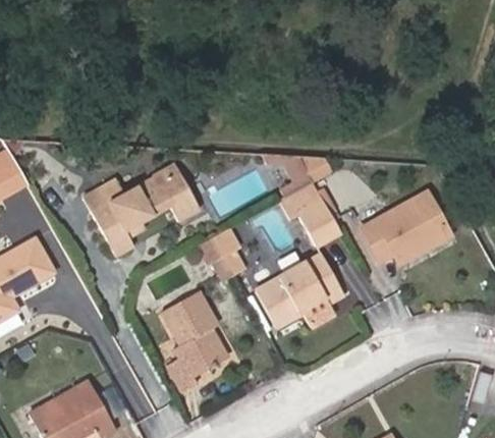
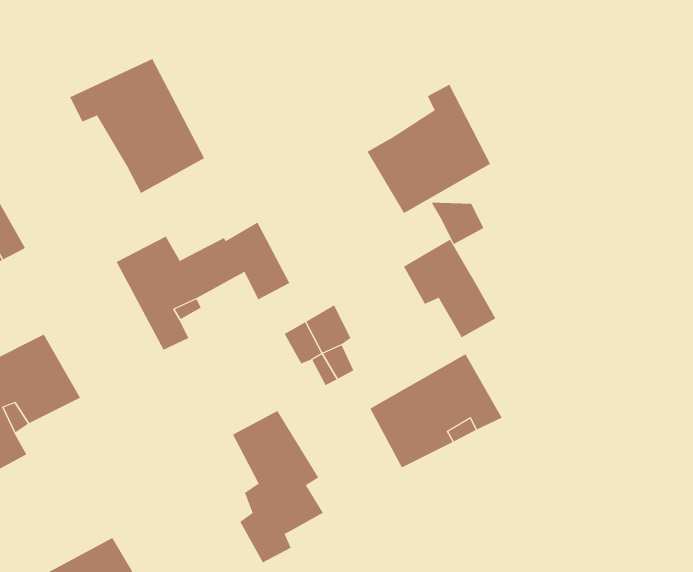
building: none -> [70,58,205,194]
building: none -> [367,84,491,214]
building: [355,198,445,264] -> none

